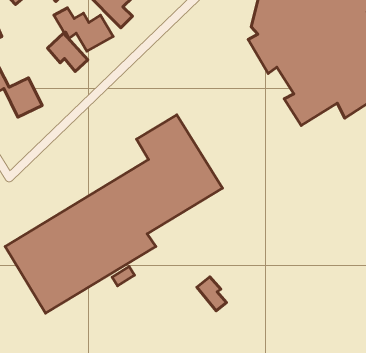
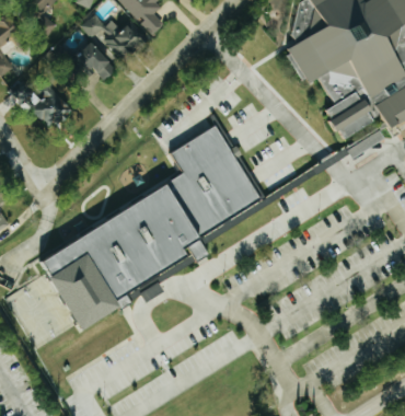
building: [197,277,226,311] -> none

